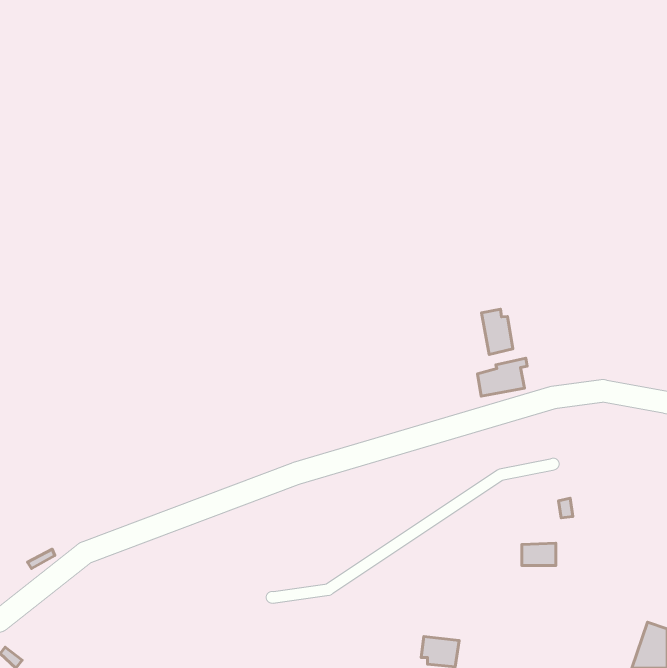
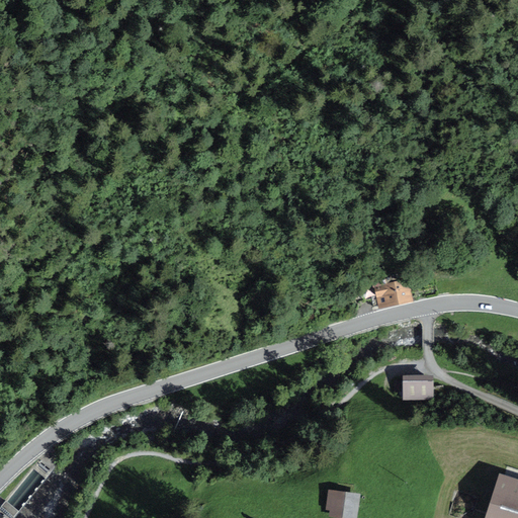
building: [482,309,513,354] -> none
building: [522,543,556,565] -> [404,380,430,398]

